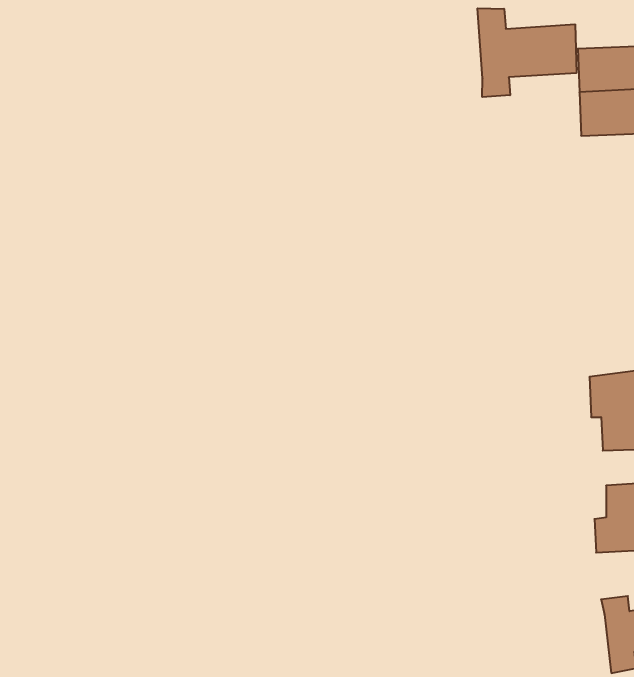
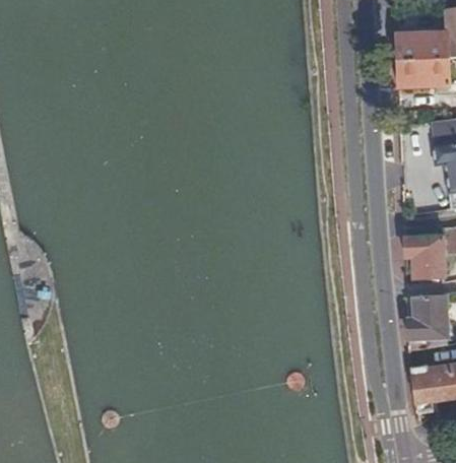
building: [478,8,576,97] -> none

